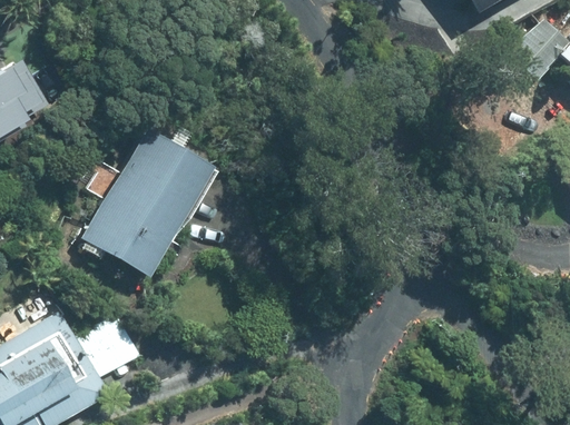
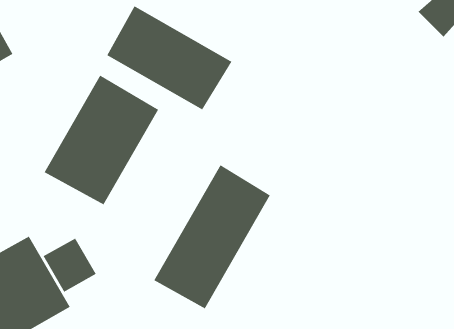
building: none -> [106,5,232,111]
building: none -> [153,164,271,309]

